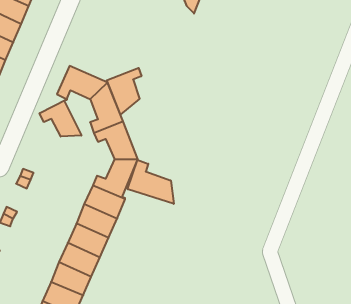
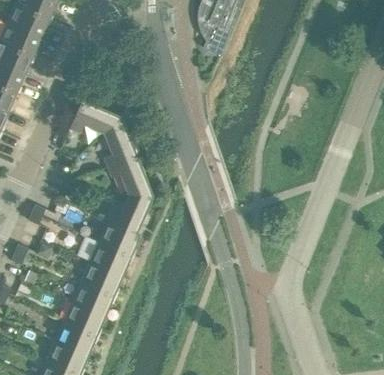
building: [107,68,141,115] -> none
building: [40,99,81,137] -> none
building: [128,160,174,204] -> none

